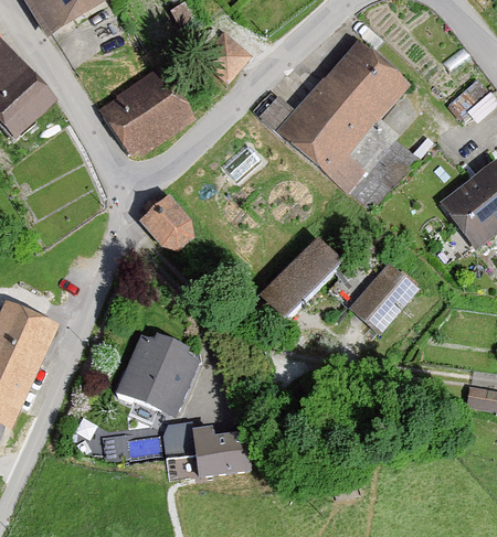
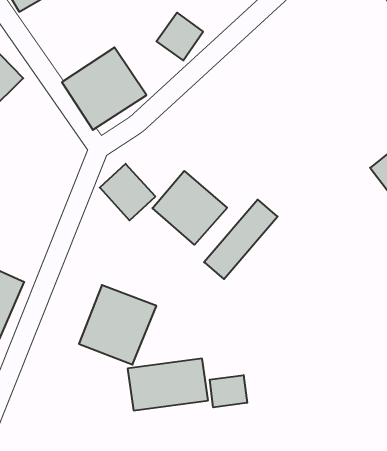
building: [260,41,406,193] -> none
building: none -> [152,171,227,245]
building: [352,266,417,334] -> none
building: none -> [210,375,247,407]

